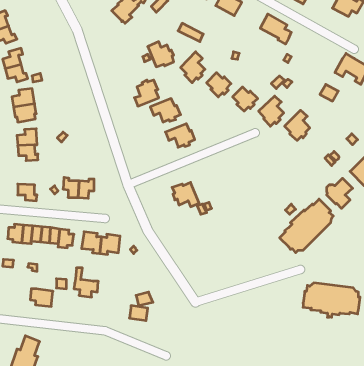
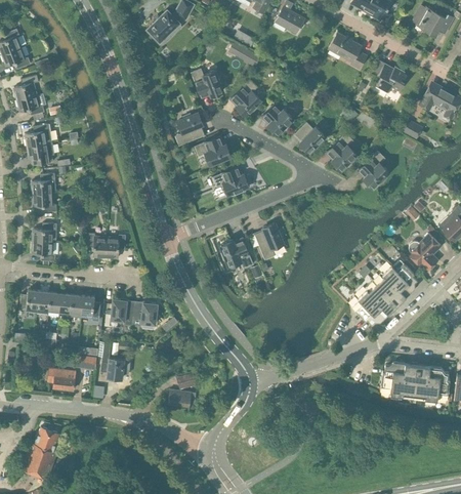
building: none -> [376,64,405,93]
building: none -> [32,223,56,243]
building: none -> [254,223,283,259]

